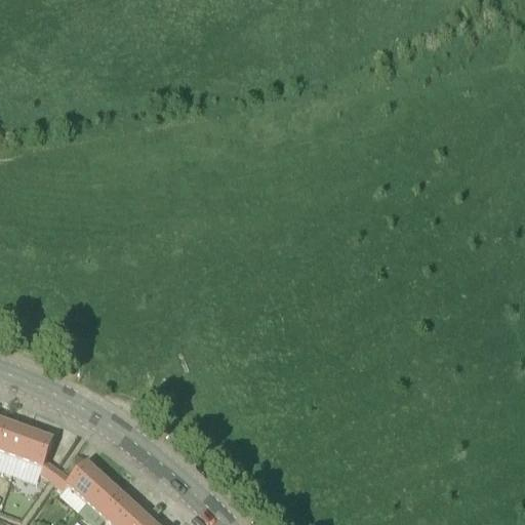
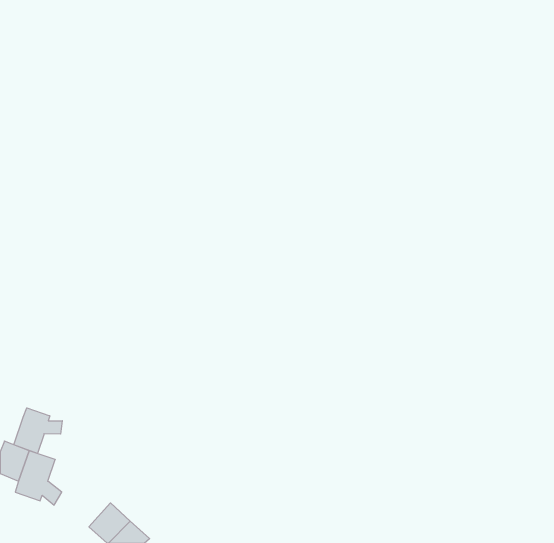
building: none -> [14,408,62,453]
building: [51,459,105,498] -> none

